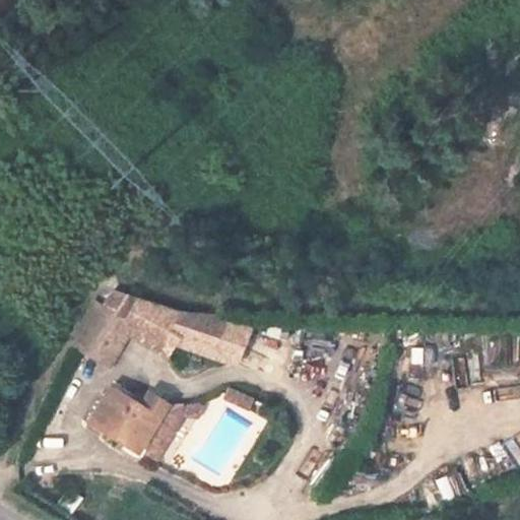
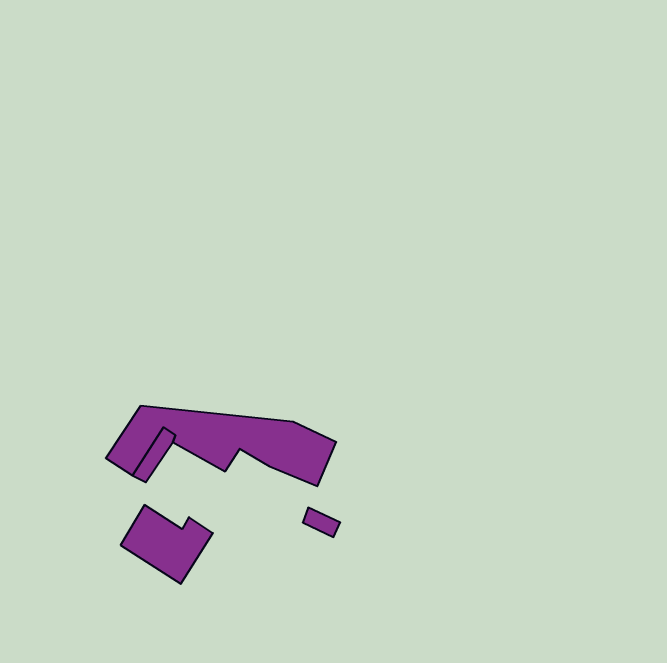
building: [137,404,179,453] -> none

